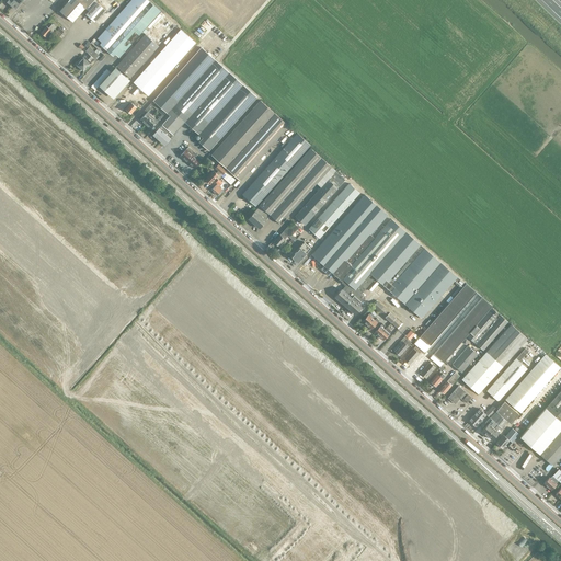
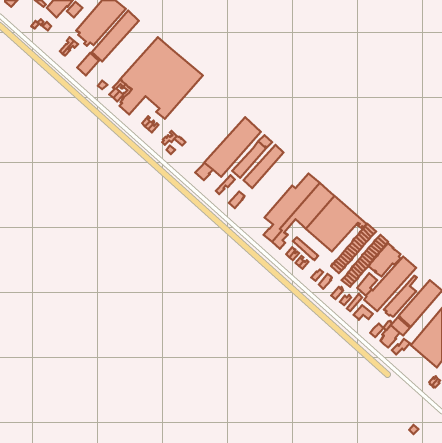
building: [133,28,194,95] -> none
building: [210,100,288,180] -> none
building: [241,133,309,206] -> none
building: [310,195,387,275] -> none

